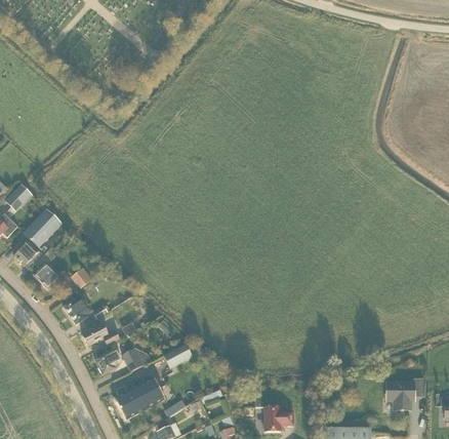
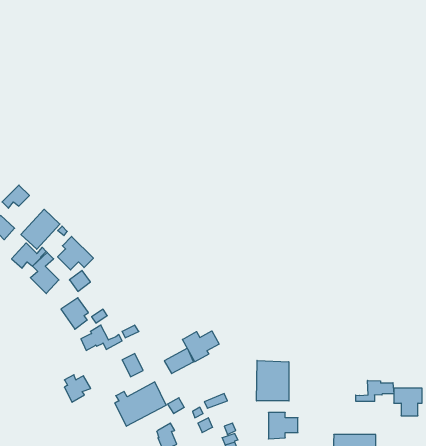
building: none -> [58,236,93,270]
building: none -> [182,331,219,362]
building: [95,347,121,373] -> [64,375,91,402]
building: none -> [257,360,289,401]
building: none -> [356,380,394,401]

